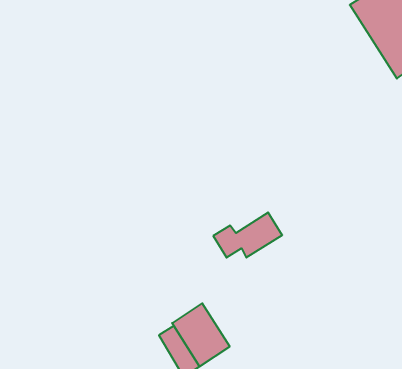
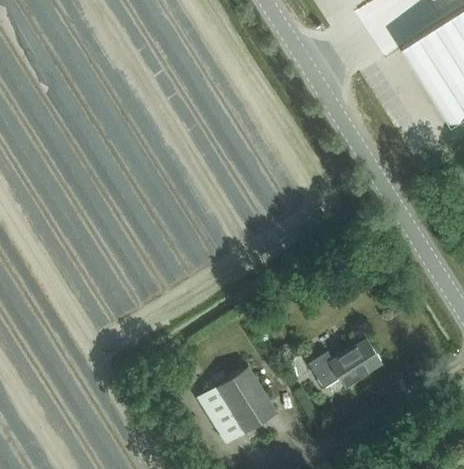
building: [213,212,282,258] -> [308,341,381,389]

